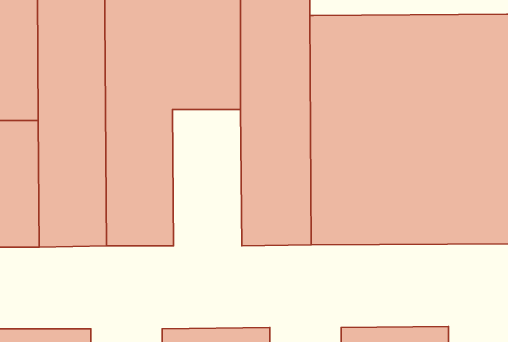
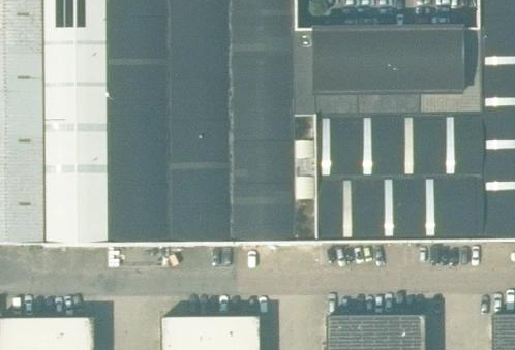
building: none -> [168,116,232,242]

